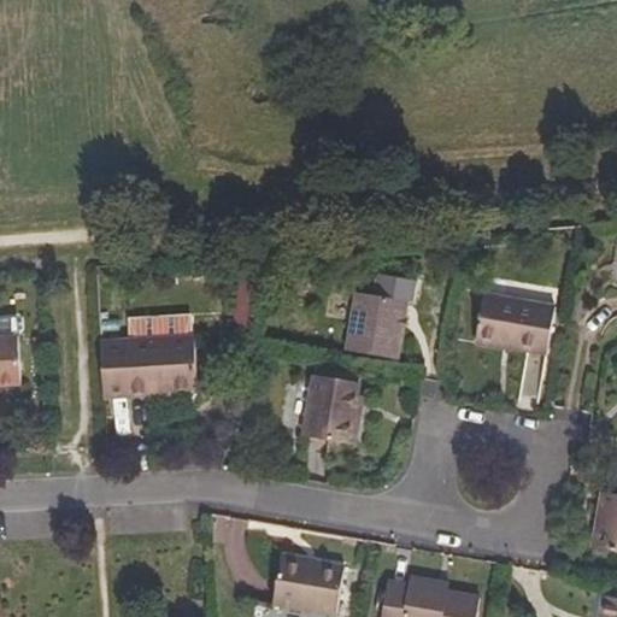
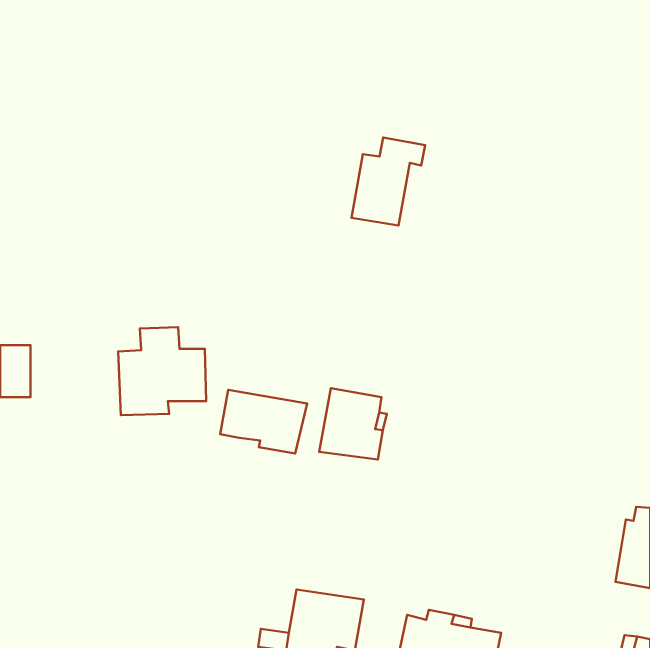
building: [348,271,418,354] -> [351,138,425,225]
building: [470,292,550,354] -> none
building: none -> [220,390,307,454]

